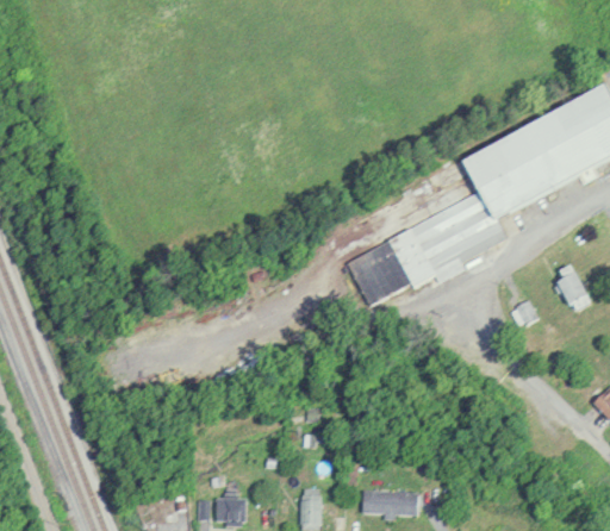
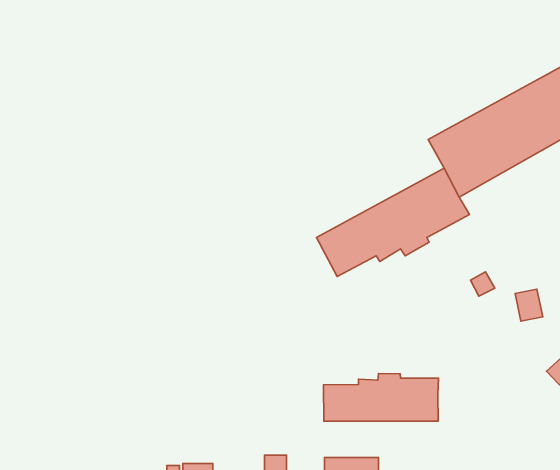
building: [555,269,584,302] -> [515,289,543,321]
building: none -> [324,373,439,421]

